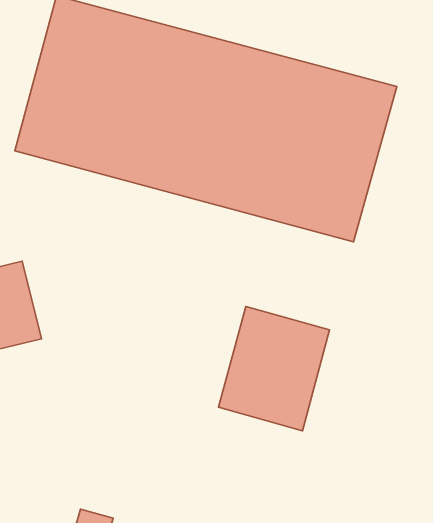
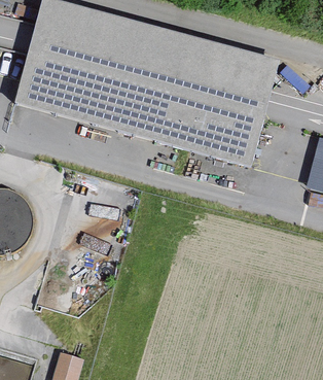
building: [219,306,329,431] -> none

